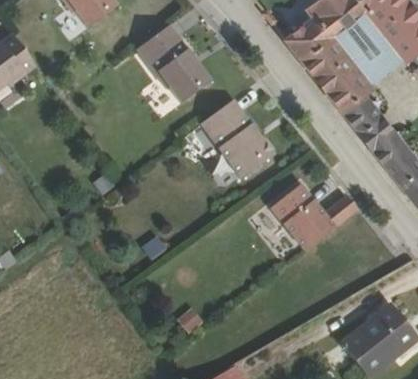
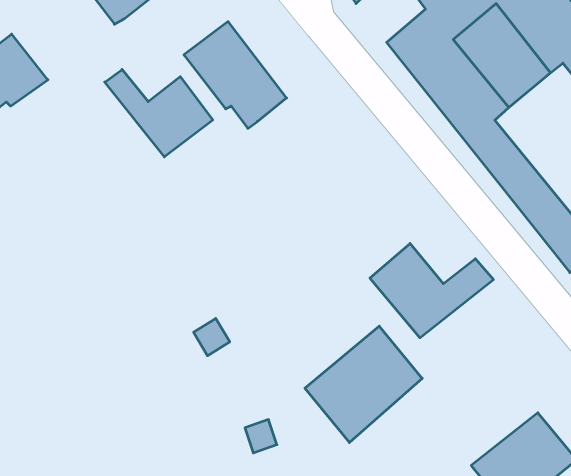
building: none -> [105,69,213,157]
building: [200,99,275,180] -> none
building: none -> [305,326,422,443]

